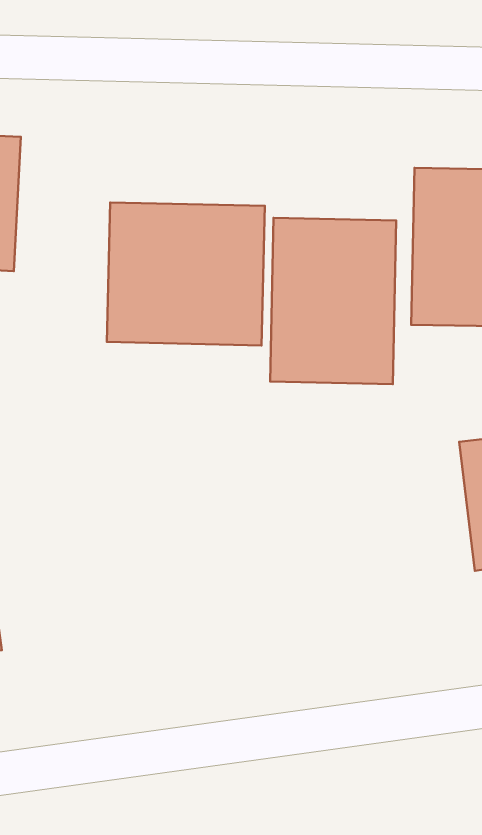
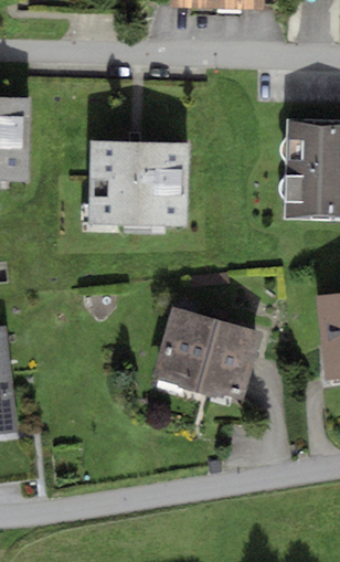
building: [270,218,396,384] -> none
building: none -> [153,305,262,403]

